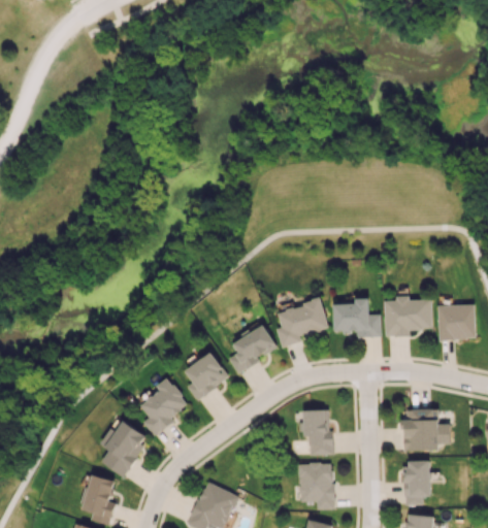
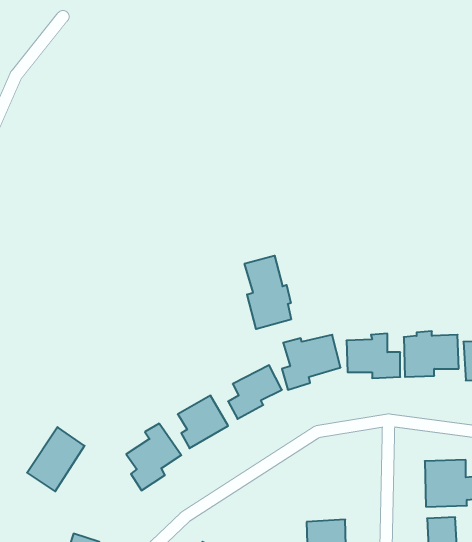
building: none -> [245,256,291,329]
building: [302,409,333,455] -> none
building: [98,421,149,477] -> [27,427,85,491]

